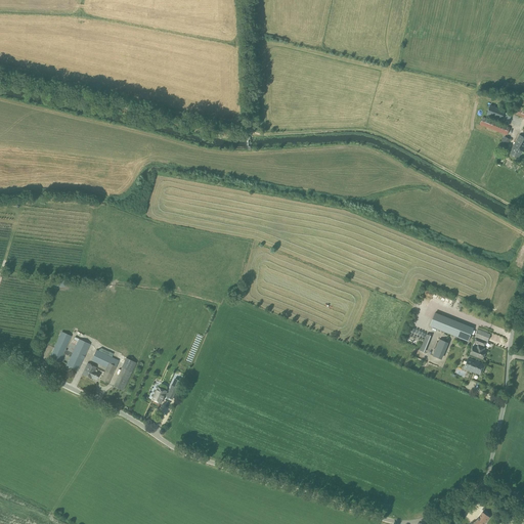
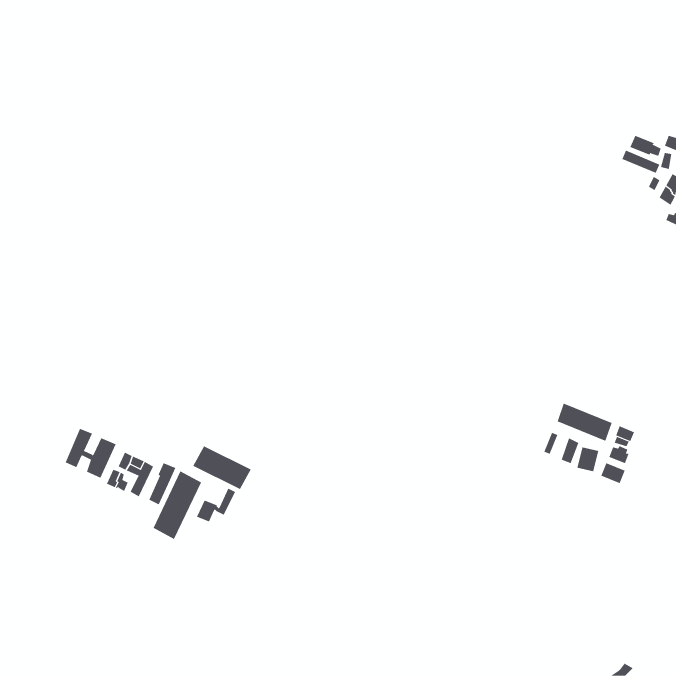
building: none -> [192,445,251,490]
building: none -> [153,471,202,540]

